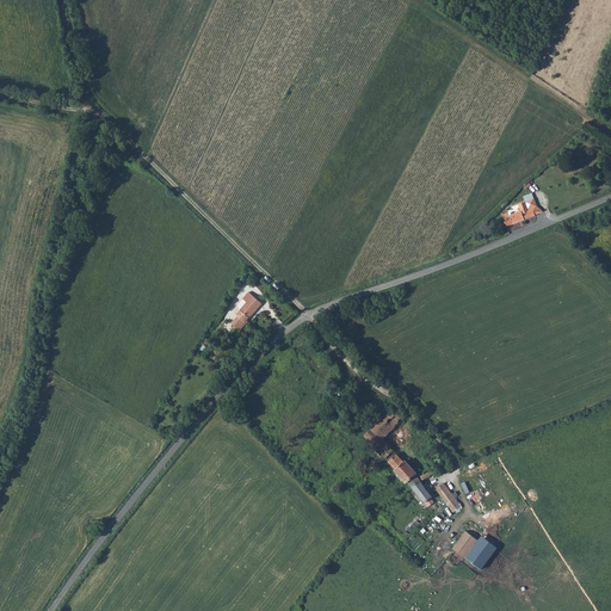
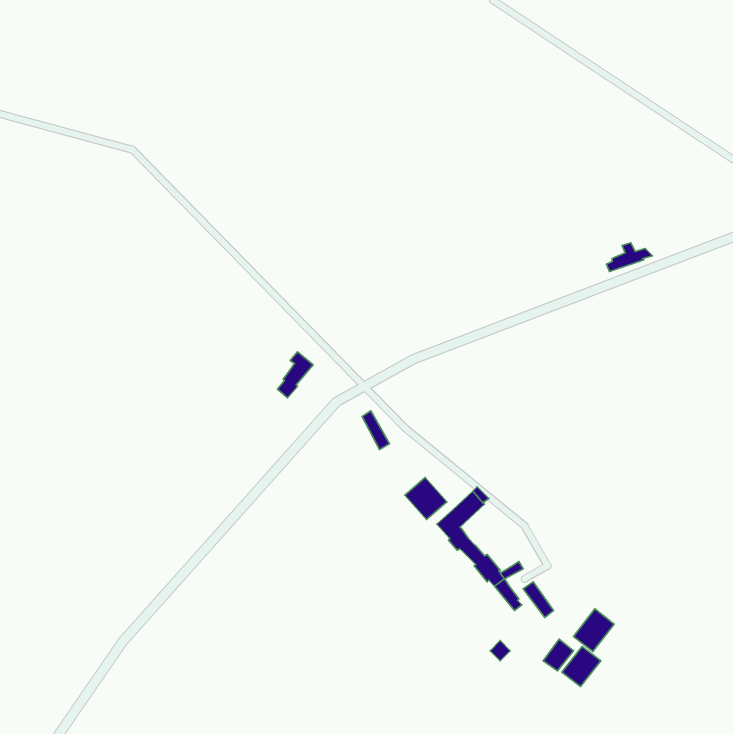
building: none -> [405,477,447,520]
building: none -> [573,609,614,652]

